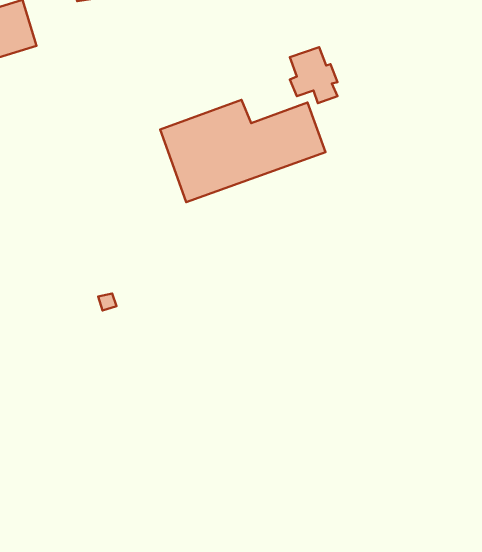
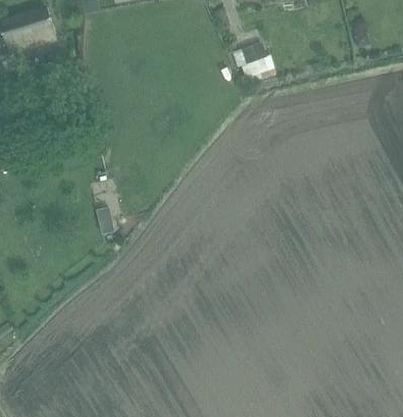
building: [160,100,326,202] -> none

